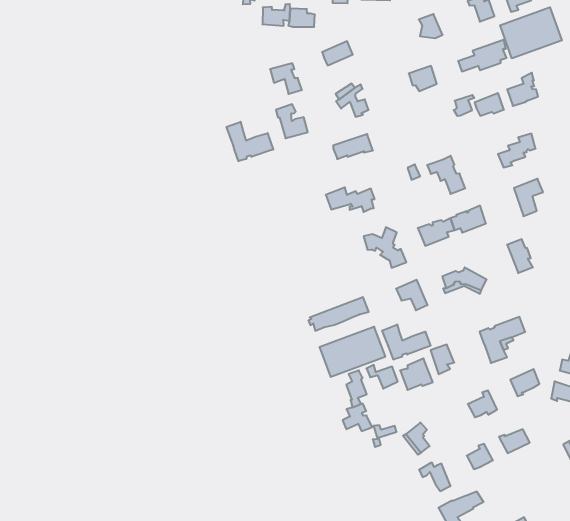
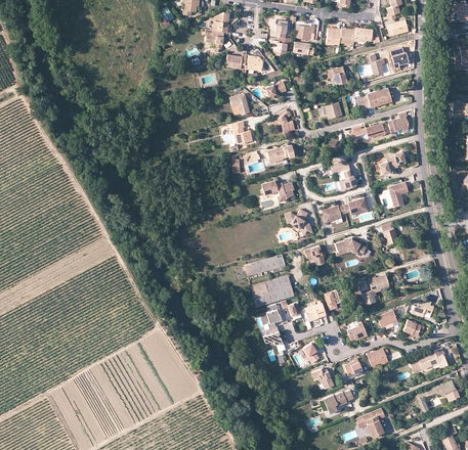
building: [500,7,562,58] -> none
building: [227,122,273,161] -> none
building: [382,324,431,360] -> none

